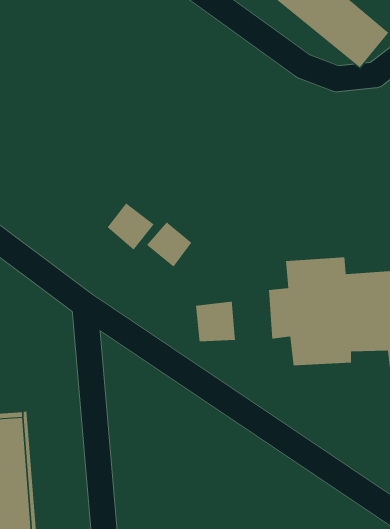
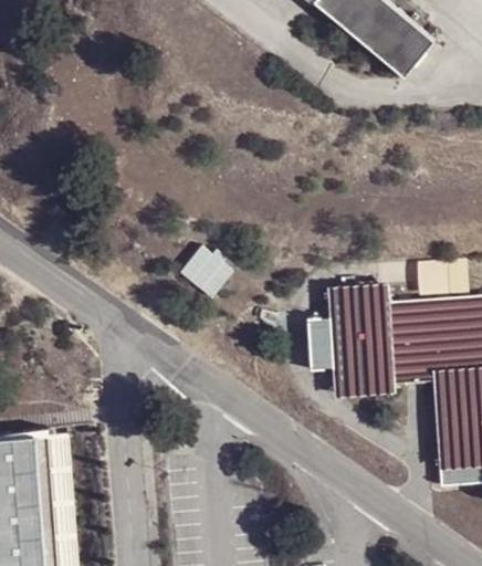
building: [107,202,155,250] -> none
building: [196,301,235,342] -> none

